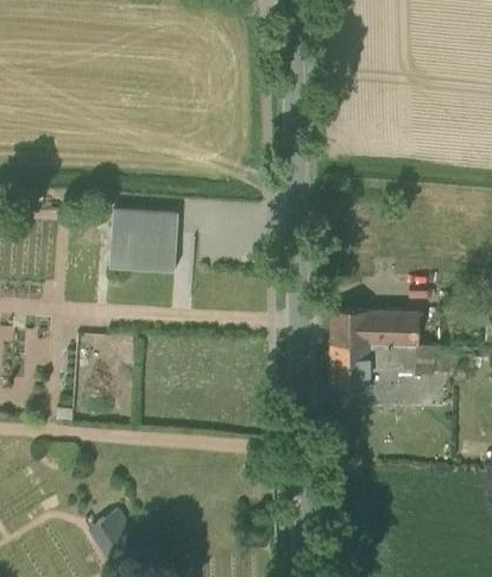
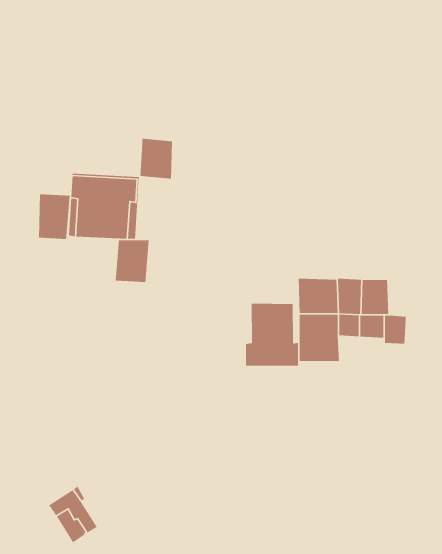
building: none -> [140,138,173,180]
building: none -> [38,193,71,240]
building: none -> [115,240,150,283]
building: none -> [245,303,299,366]

